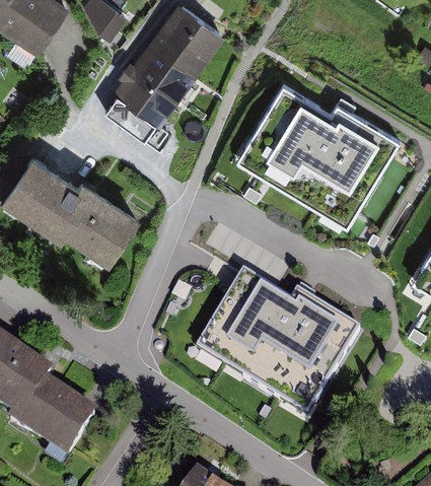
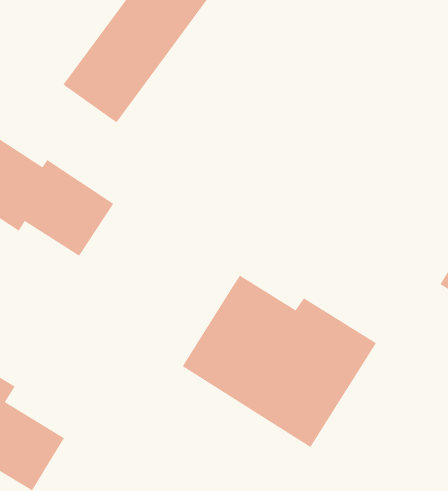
building: [238,86,399,226] -> none

